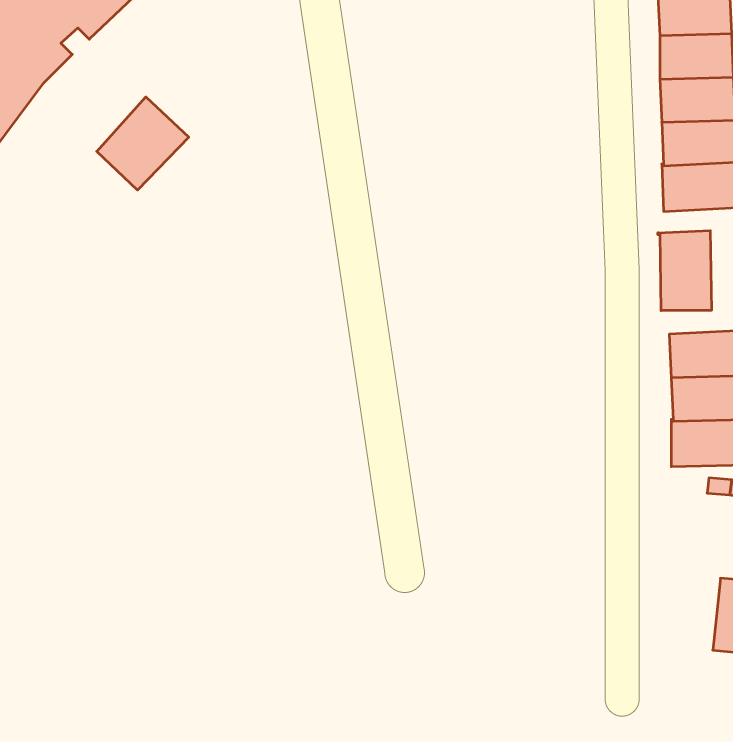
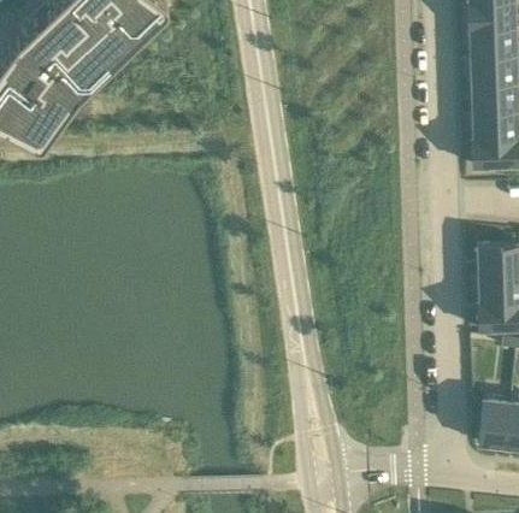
building: [97,97,189,190] -> none
building: [658,231,711,311] -> none
building: none -> [478,401,509,450]

